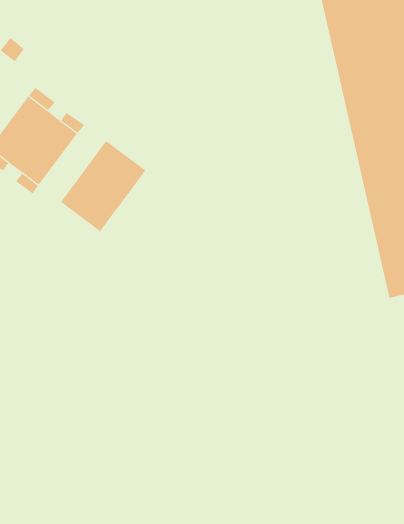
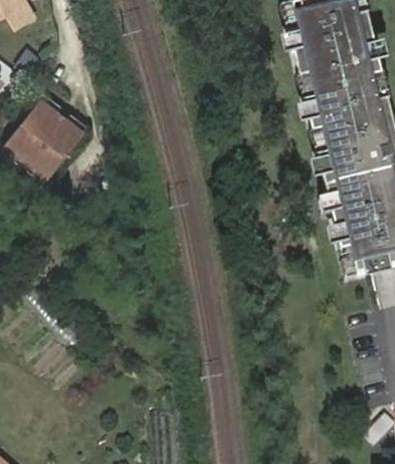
building: [60,140,146,232] -> none

